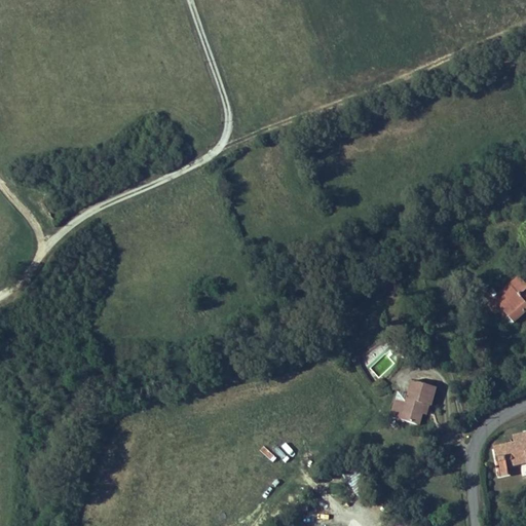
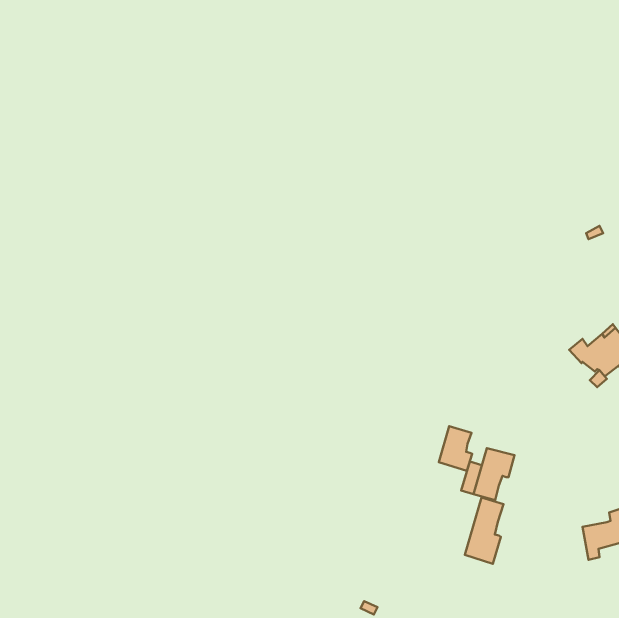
building: none -> [439,426,472,471]
building: none -> [465,497,504,564]

